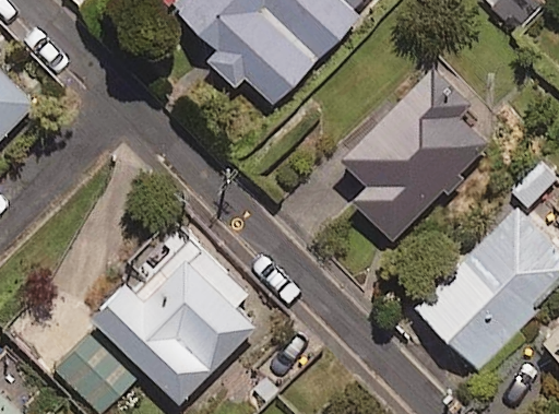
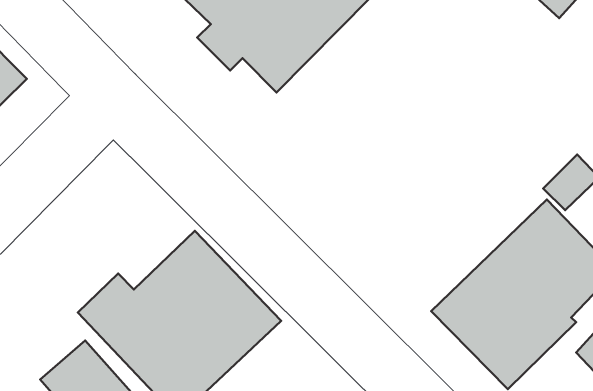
building: [336,69,485,241] -> none

